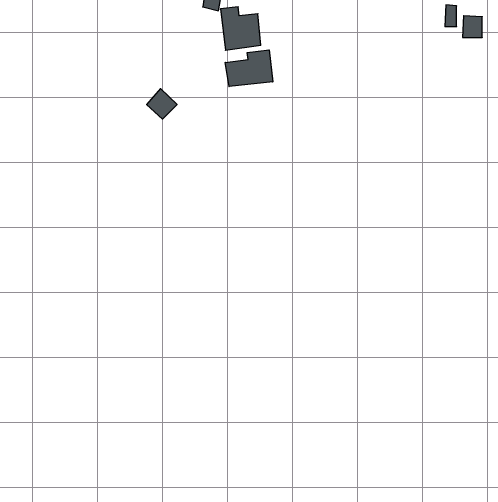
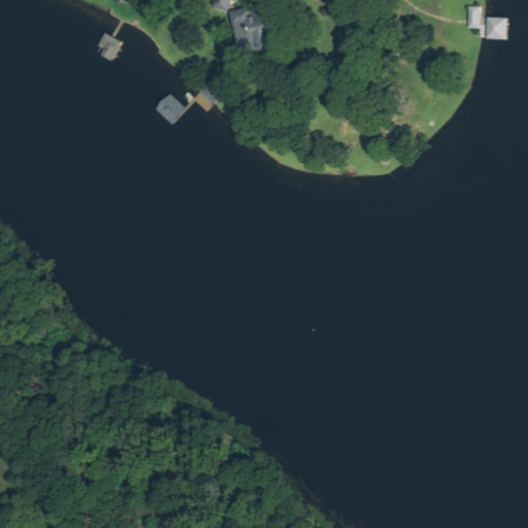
building: [225,50,273,87] -> none

